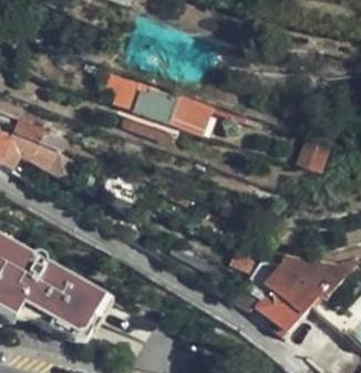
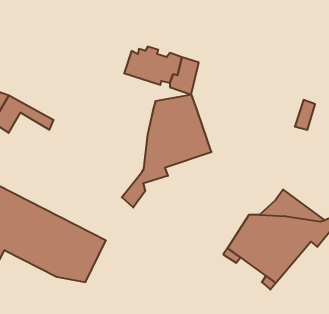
building: none -> [122,95,211,208]

